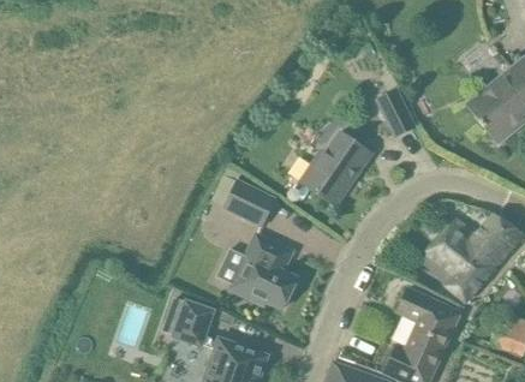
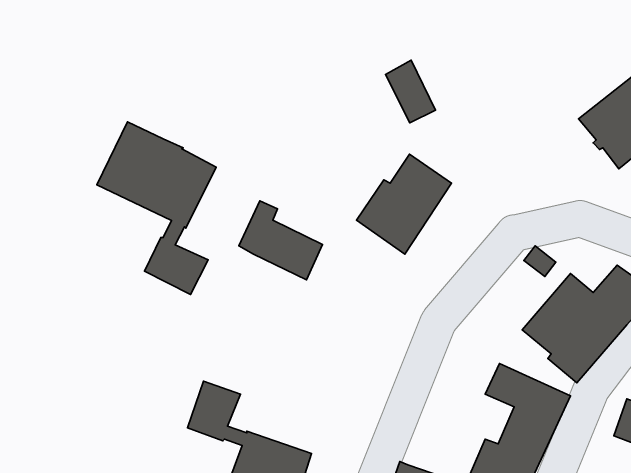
building: [377,89,414,136] -> [386,60,435,123]
building: none -> [97,122,216,295]
building: [217,233,297,308] -> none

